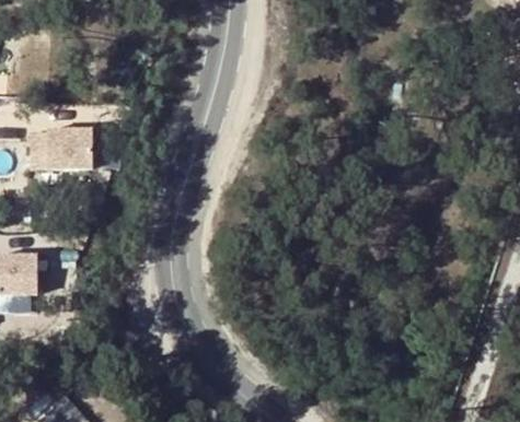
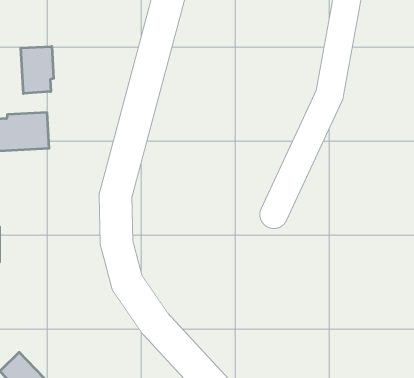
building: none -> [21,46,54,94]

